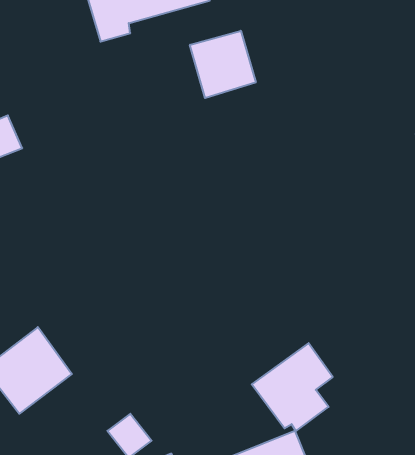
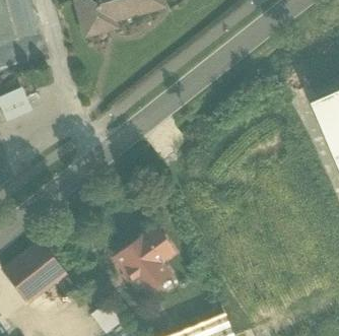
building: [190,31,256,98] -> none
building: [252,343,333,431] -> [115,227,173,290]

